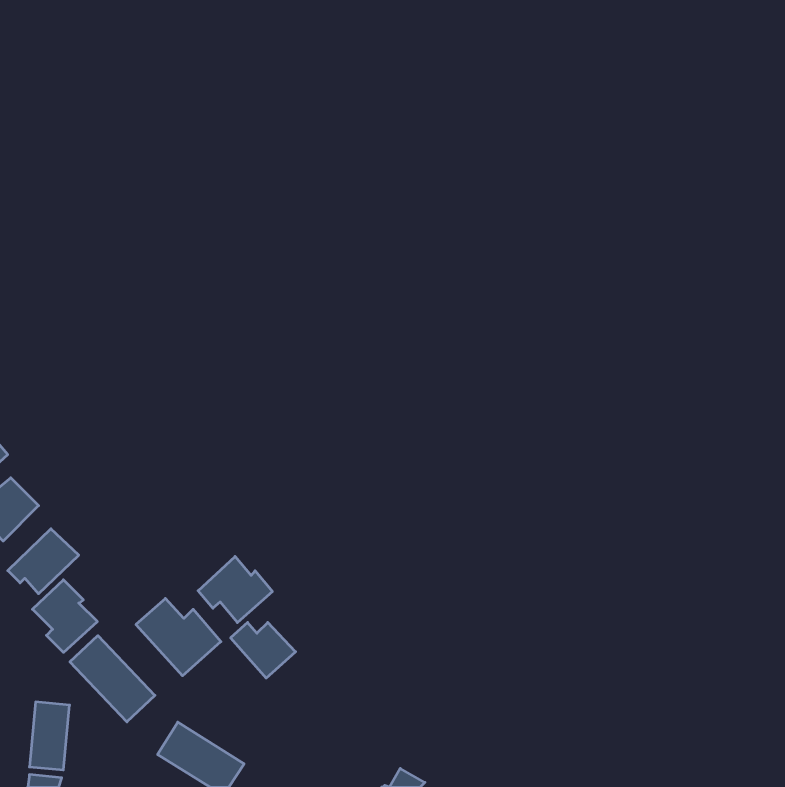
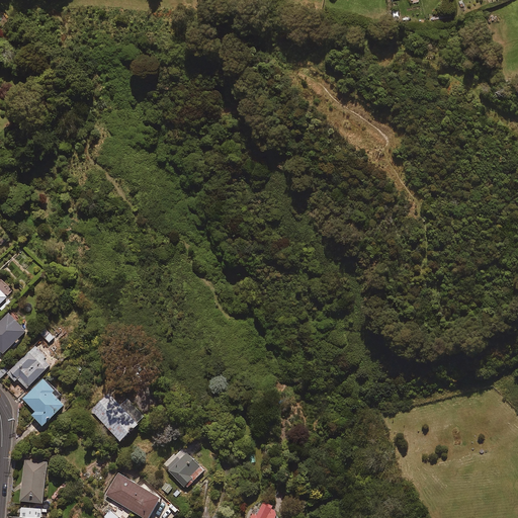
building: [198,556,272,623] -> none
building: [231,622,296,678] -> [161,452,203,489]
building: [70,636,155,722] -> none

